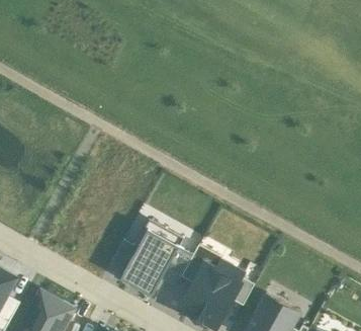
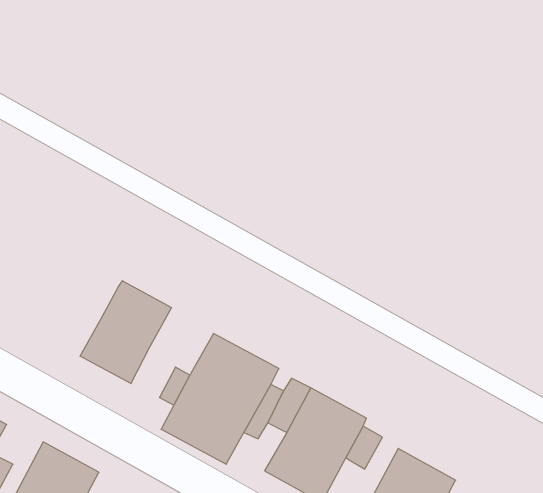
building: none -> [80,281,171,384]

